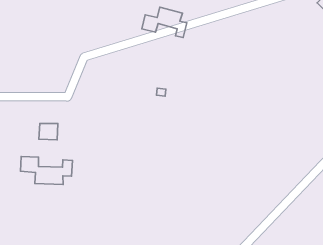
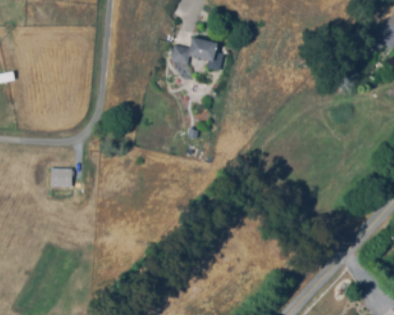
building: [20,156,72,184] -> none

